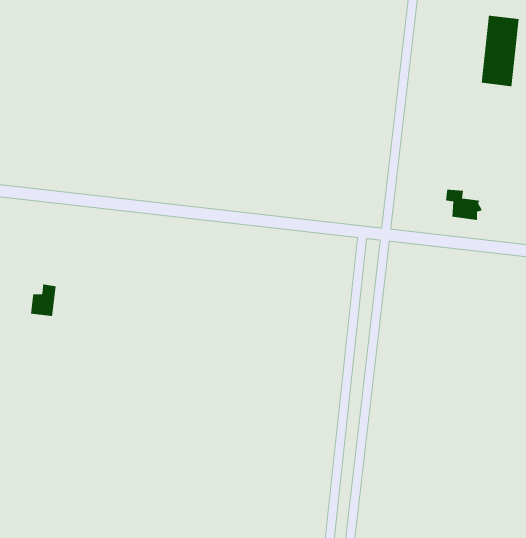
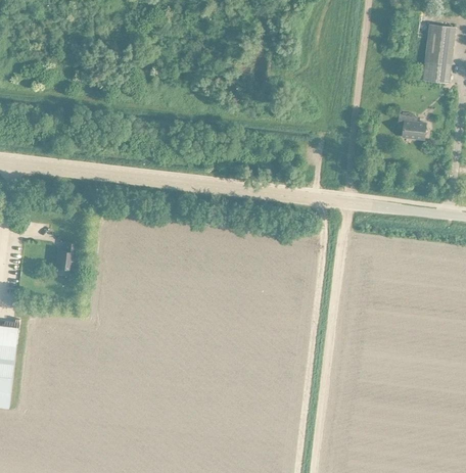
building: [445,189,483,221] -> [395,114,426,140]

